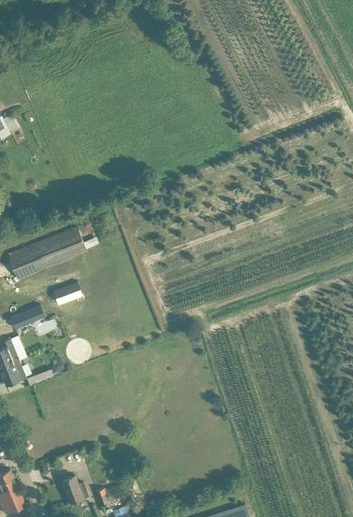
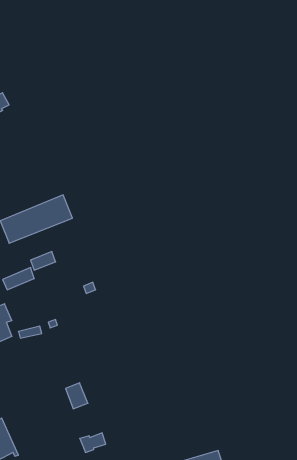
building: [62,474,86,502] -> [66,383,88,409]

